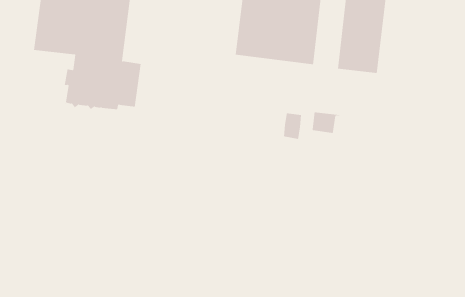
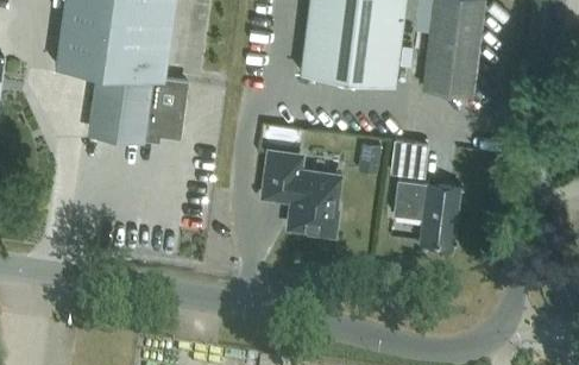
building: none -> [264,150,338,232]
building: none -> [395,176,464,243]

